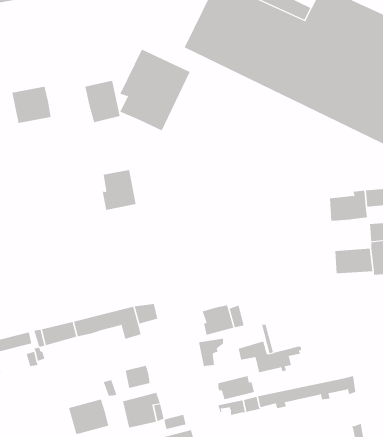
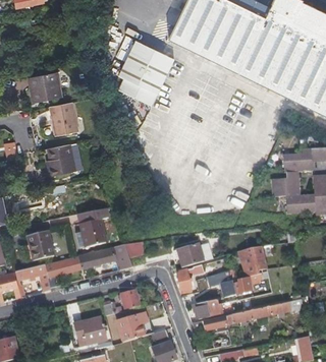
building: [85,80,121,123] -> [51,100,79,133]
building: [102,169,136,211] -> [48,142,75,175]
building: none -> [271,176,301,201]
building: none -> [79,209,107,247]
building: none -> [30,231,54,259]
building: none -> [240,247,267,279]

